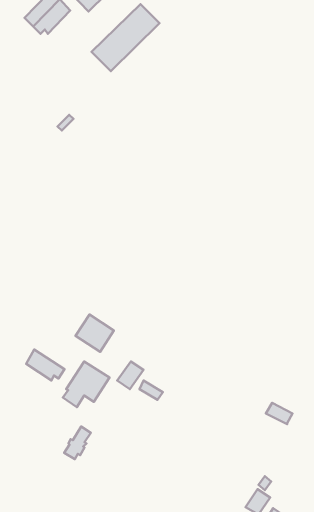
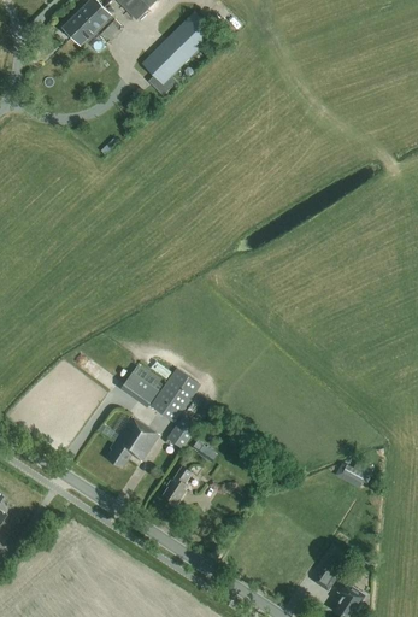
building: none -> [151,368,200,422]
building: [26,350,64,381] -> none
building: [64,426,91,459] -> [163,465,193,503]

